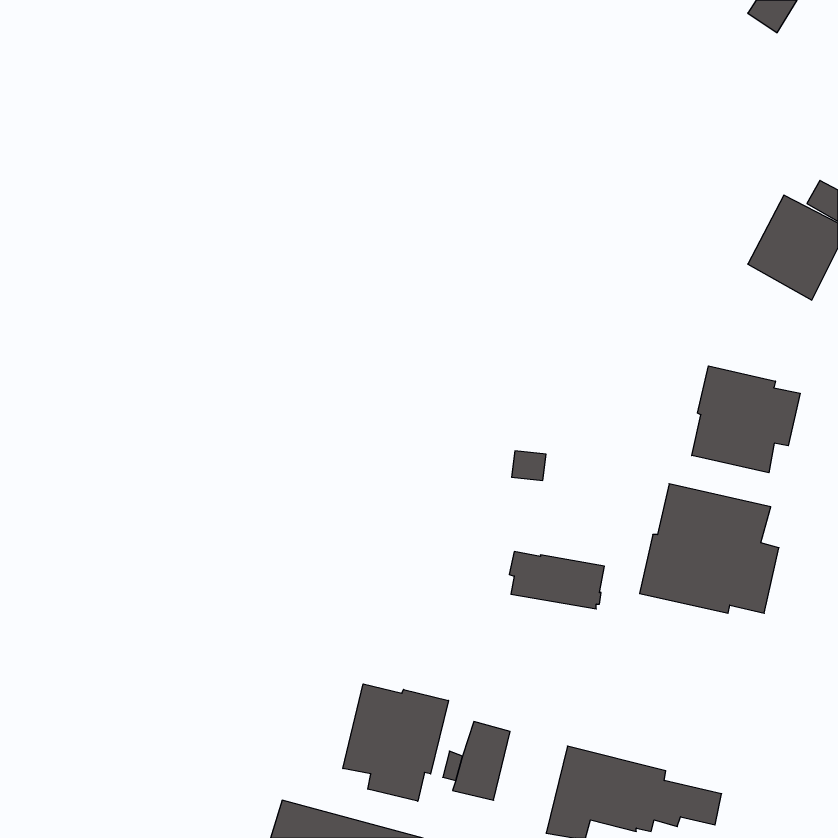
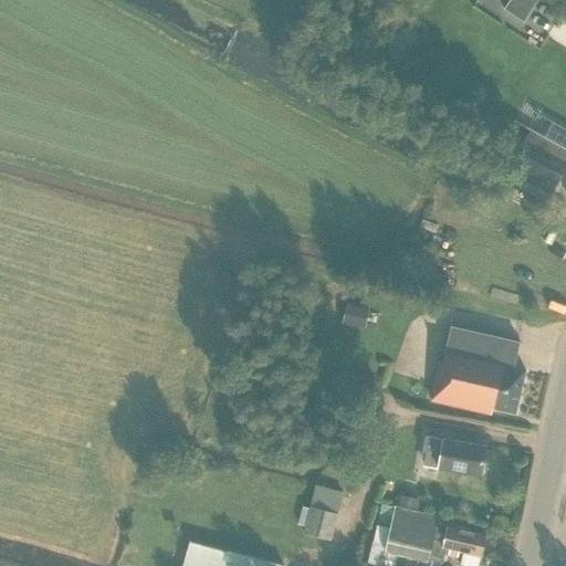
building: [692,366,800,473] -> none
building: [509,552,604,609] -> [422,436,486,474]
building: [343,684,448,801] -> none

